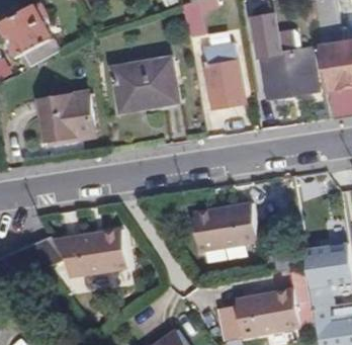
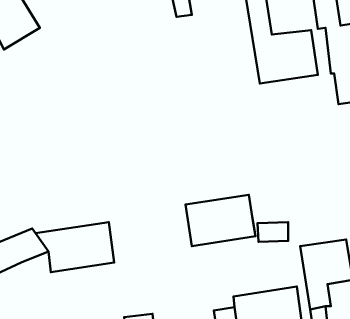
building: [202,44,244,106] -> none
building: [111,57,178,108] -> none
building: [38,94,95,140] -> none

